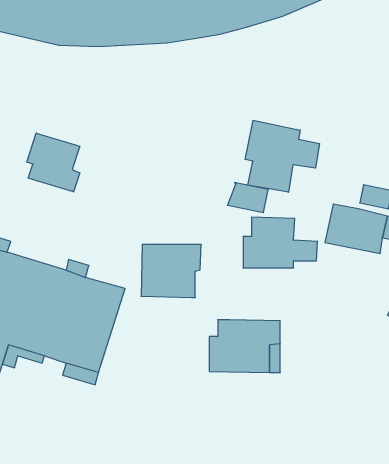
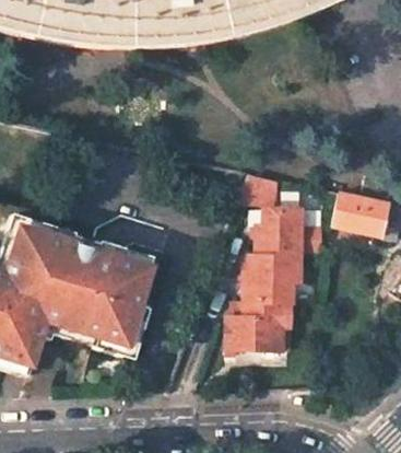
building: [245,120,320,192] -> none
building: [27,133,80,192] -> none
building: [141,245,201,298] -> [248,248,303,297]

